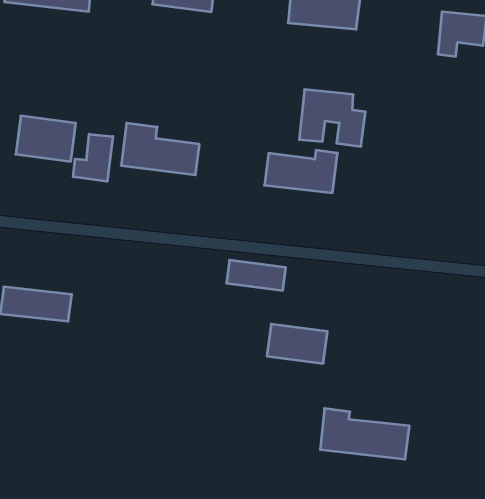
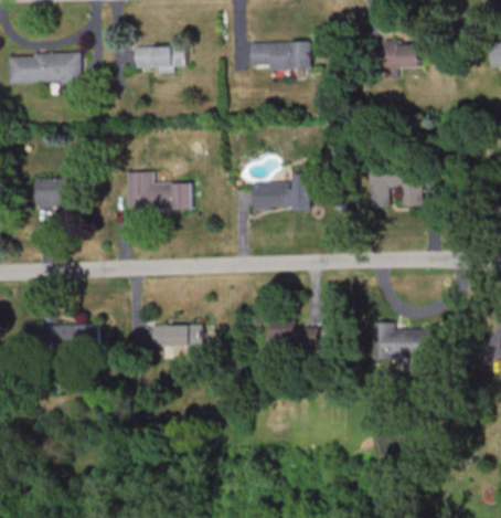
building: [299,90,365,146] -> [367,163,422,208]
building: [73,134,113,181] -> none
building: [226,260,286,290] -> [150,325,199,345]
building: [320,408,409,459] -> [373,321,447,357]

